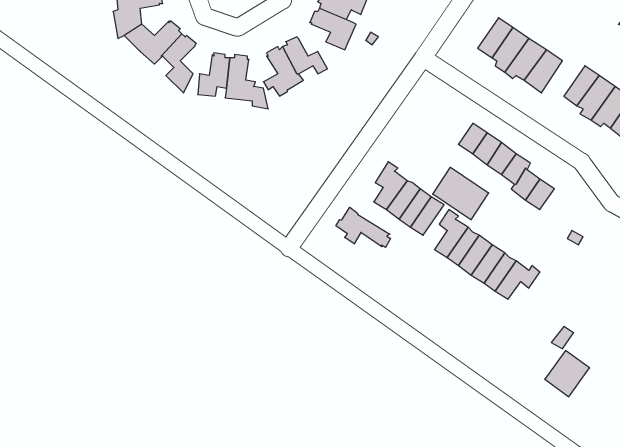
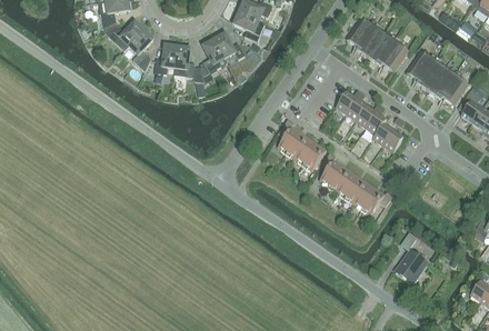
building: [433,167,489,220] -> none
building: [336,207,391,247] -> none

